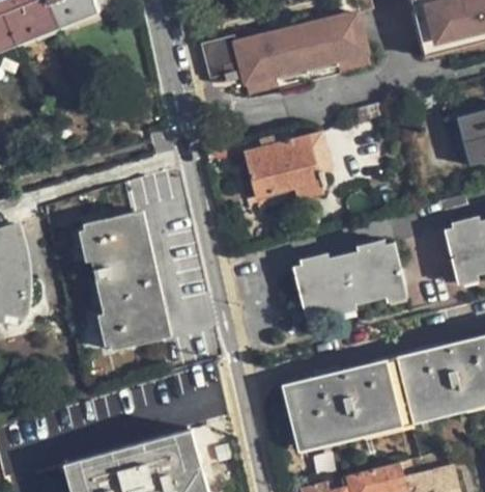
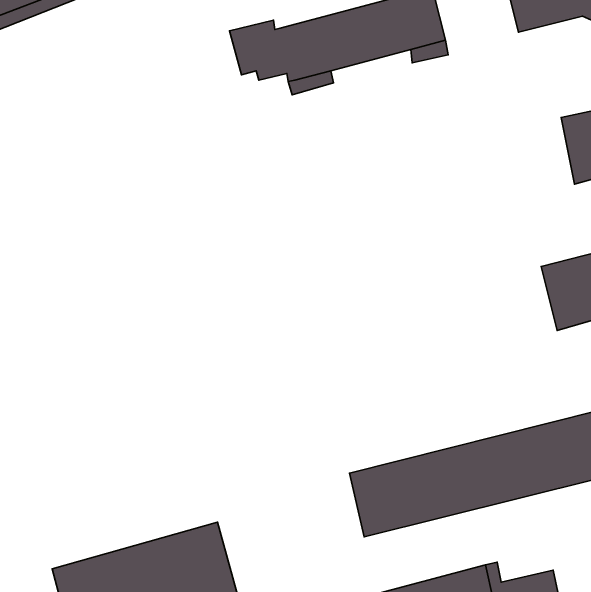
building: [245,133,331,197] -> none
building: [84,212,163,349] -> none
building: [293,242,405,313] -> none

